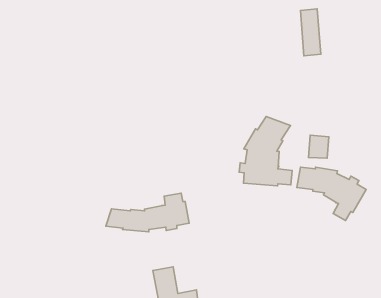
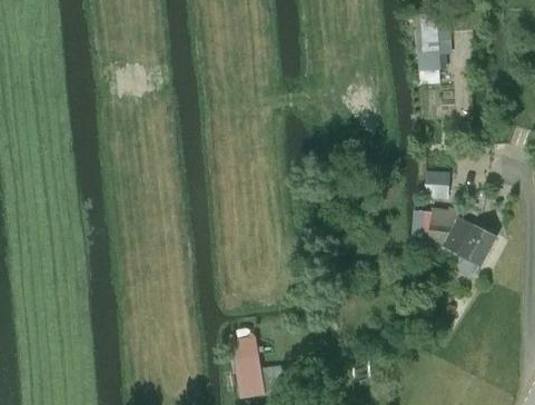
building: [239,117,292,186] -> none
building: [106,193,189,232] -> none

